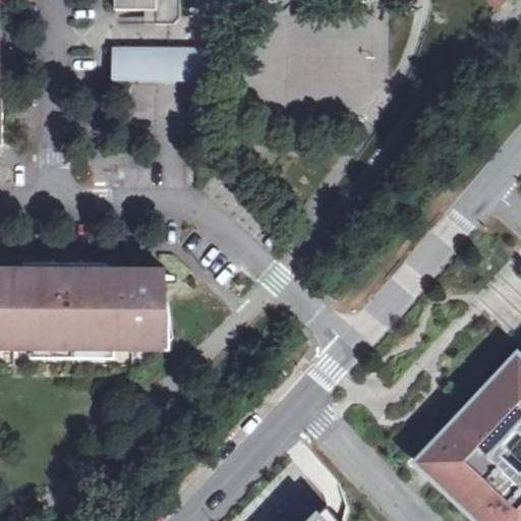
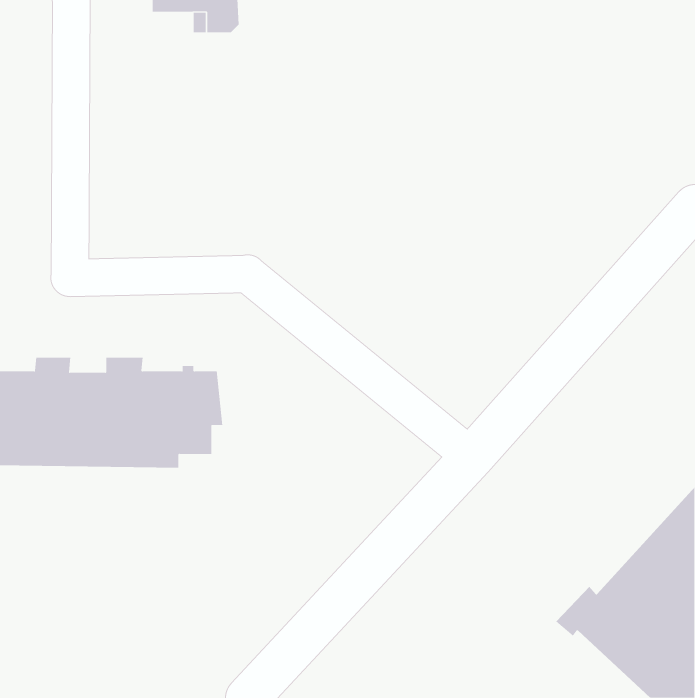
building: [116,49,212,77] -> none

